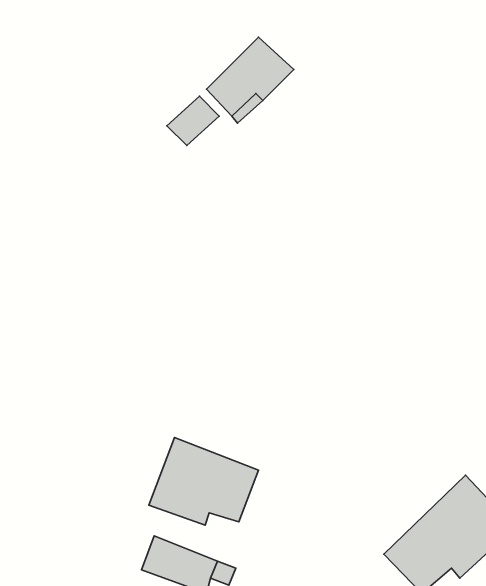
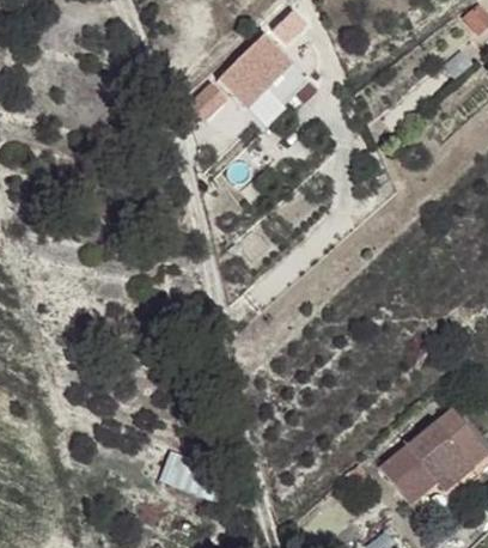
building: [149,437,259,525] -> none

